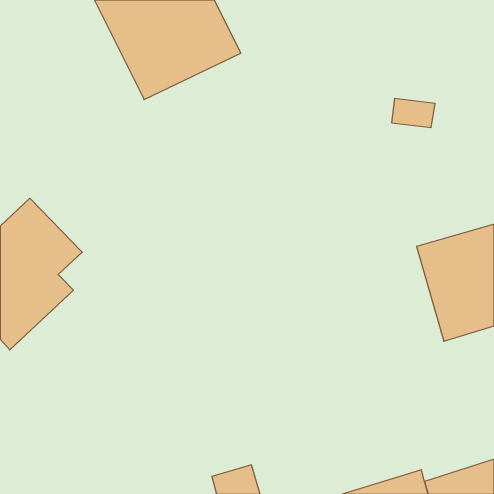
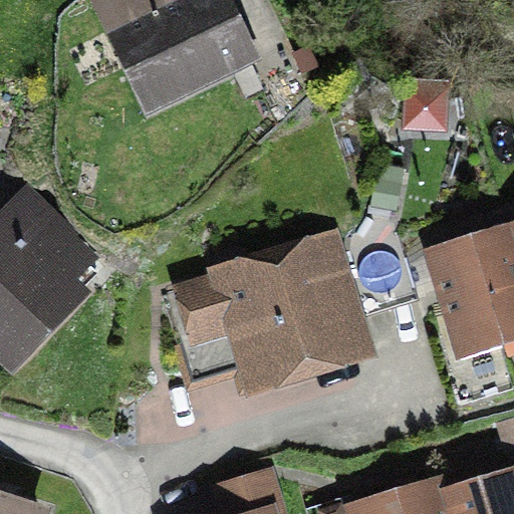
building: none -> [185,241,365,389]

